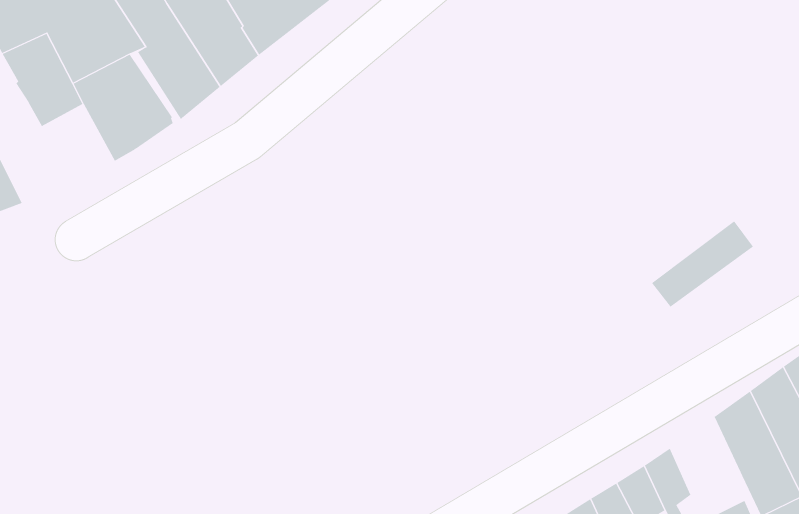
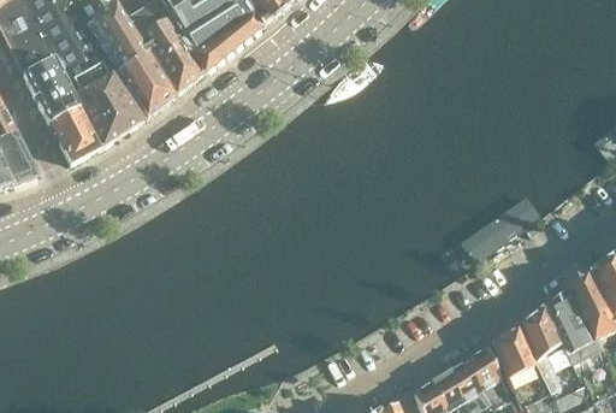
building: none -> [51,110,101,166]
building: none -> [490,326,535,380]

